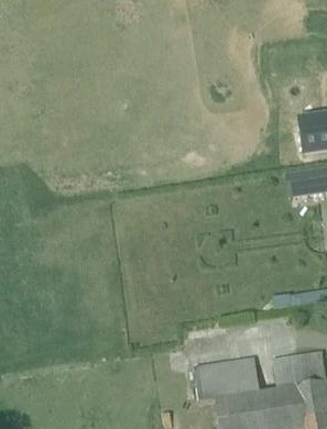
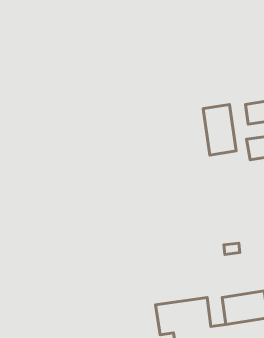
building: none -> [203,105,236,155]

